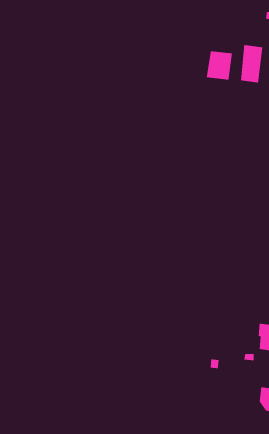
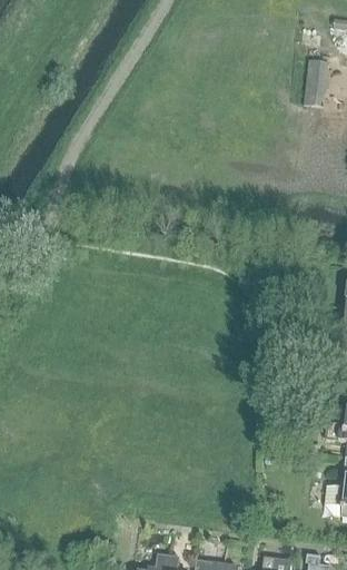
building: [206,50,232,80] -> none

